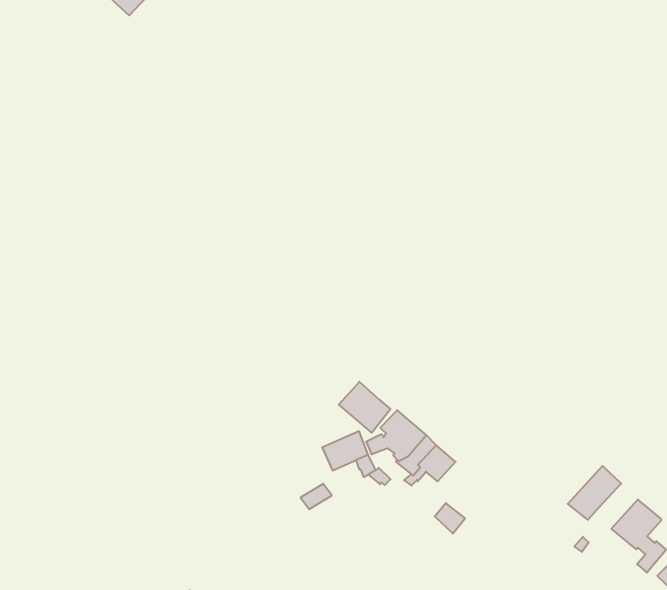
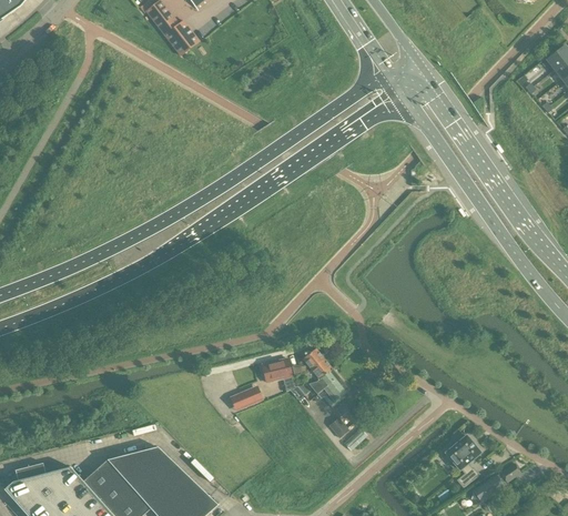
building: [339,382,390,433] -> none
building: [568,466,621,520] -> none

